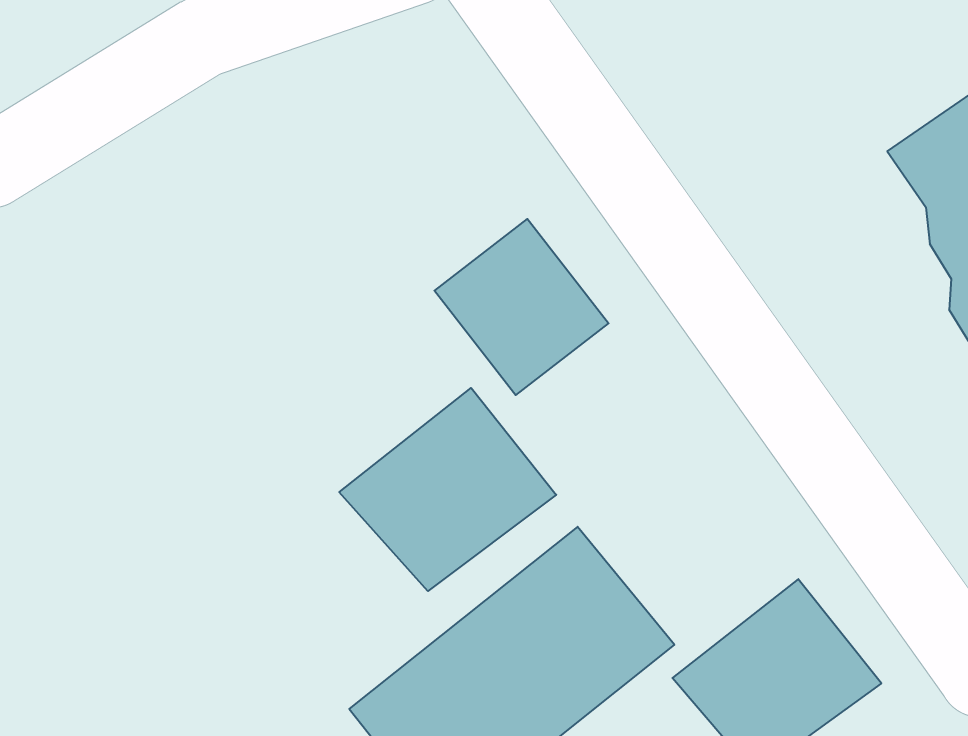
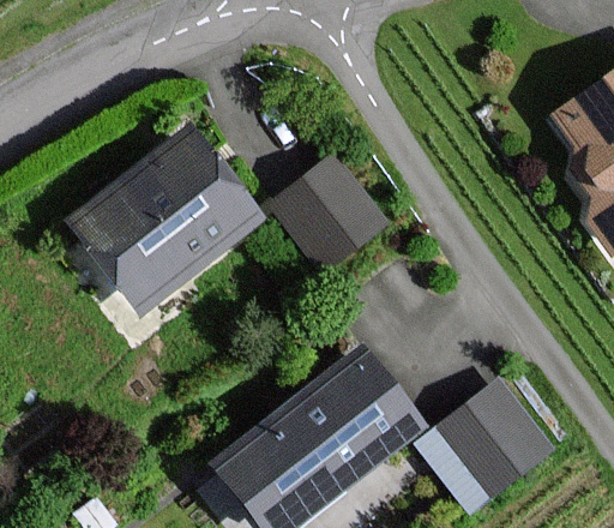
building: none -> [77,134,257,308]
building: [339,388,556,591] -> none

